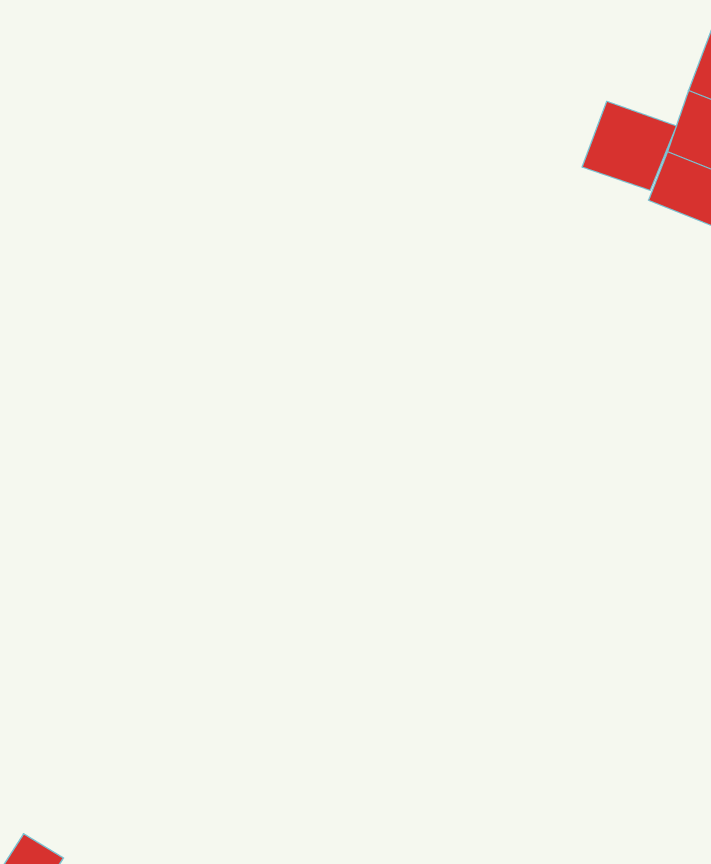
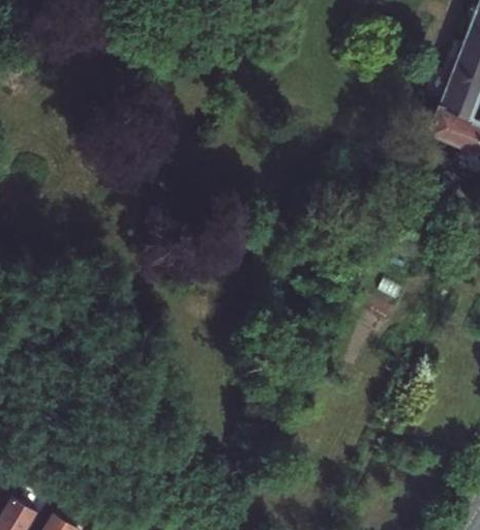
building: [582,101,676,190] -> none

